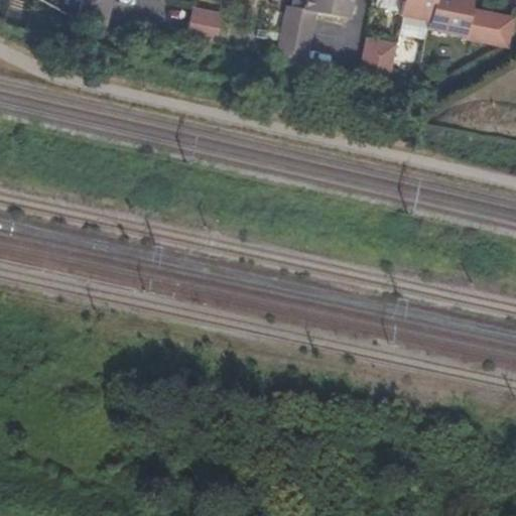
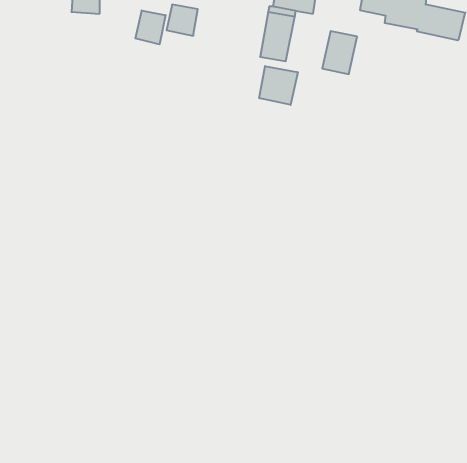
building: none -> [135,10,166,44]
building: none -> [259,66,298,105]

